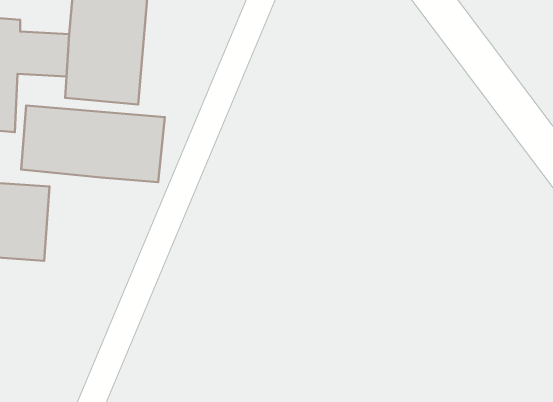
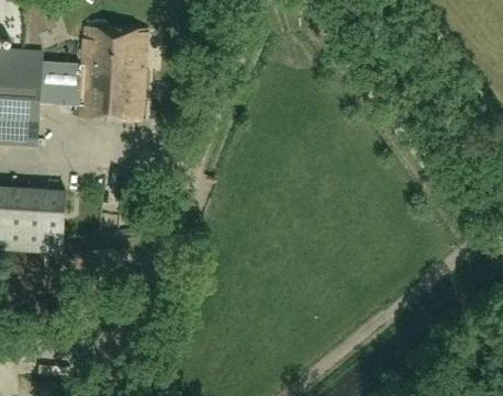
building: [21,105,165,182] -> none

